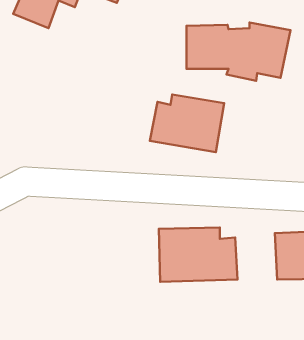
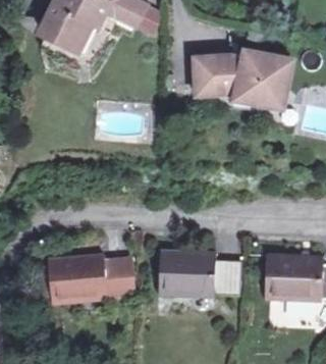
building: [150,95,224,152] -> none
building: none -> [52,250,135,304]

